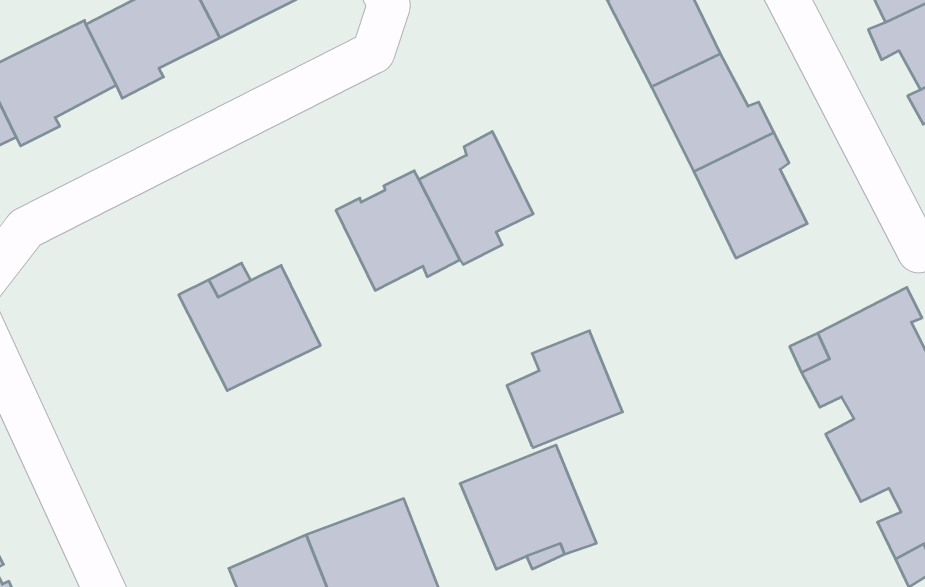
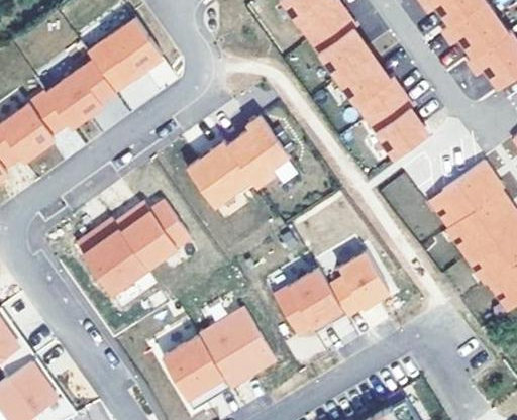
building: none -> [77,218,147,294]
building: [507,331,623,448] -> [329,252,390,316]

